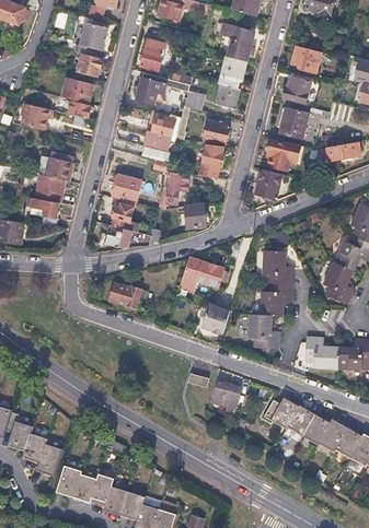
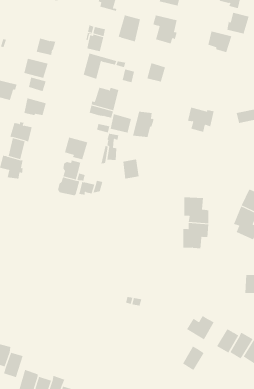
building: [77,21,108,57] -> none
building: [217,56,245,90] -> [118,15,141,42]
building: [281,75,310,103] -> [226,12,249,34]
building: [278,107,309,138] -> none
building: [201,120,229,144] -> [110,114,132,133]
building: none -> [24,98,47,116]
building: [255,169,281,198] -> none
building: [180,258,223,290] -> none
building: [108,284,148,309] -> none
building: [200,302,229,335] -> none
building: [247,313,278,347] -> none
building: [304,336,337,369] -> none
building: [212,380,241,409] -> none
building: [287,404,314,435] -> [182,346,204,371]

